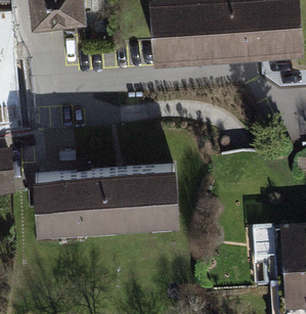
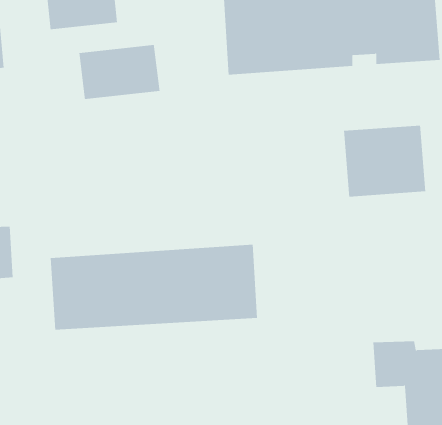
building: none -> [79,44,160,100]
building: none -> [343,125,426,197]

